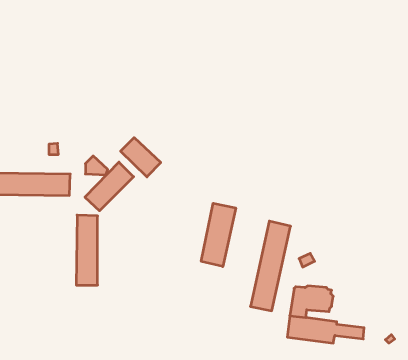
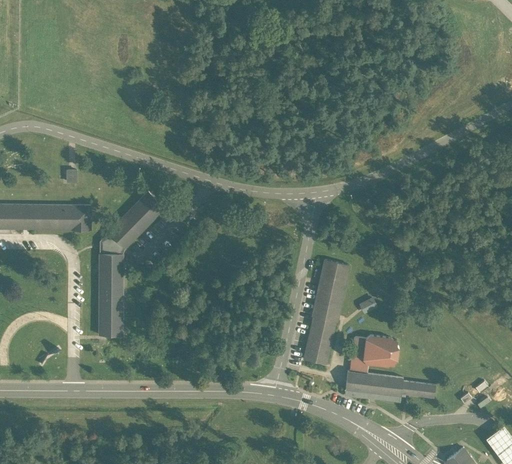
building: [121,138,161,177] -> none
building: [85,156,108,175] -> [99,232,125,254]
building: [201,203,236,267] -> none

